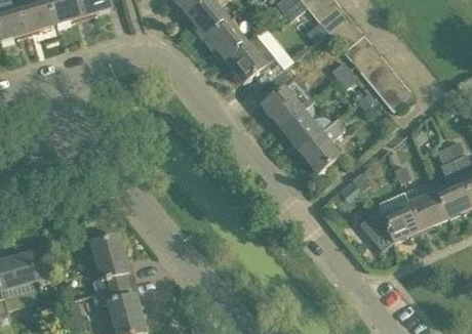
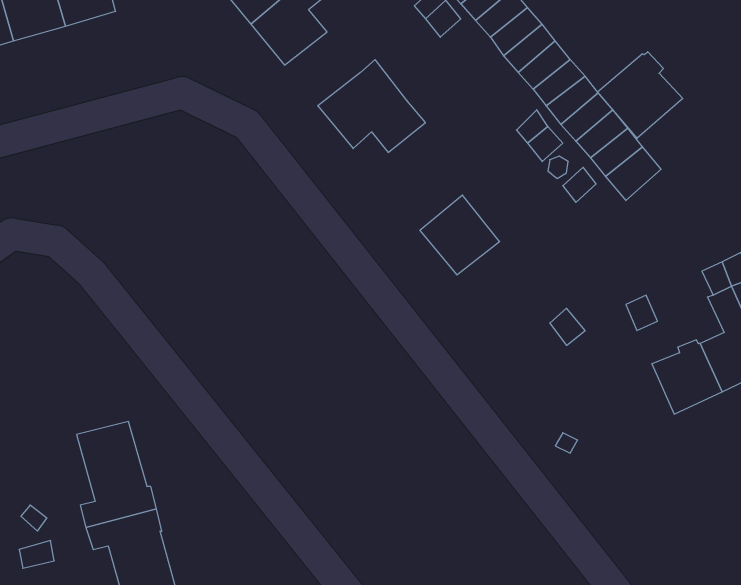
building: [204,18,246,59] -> none
building: none -> [598,52,683,138]
building: [260,69,313,128] -> none
building: [300,121,346,173] -> none
building: [358,202,420,250] -> none

